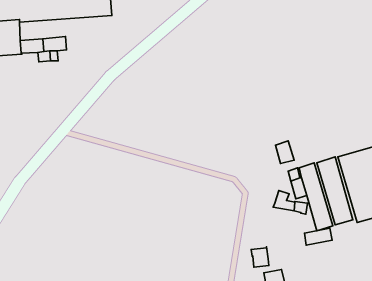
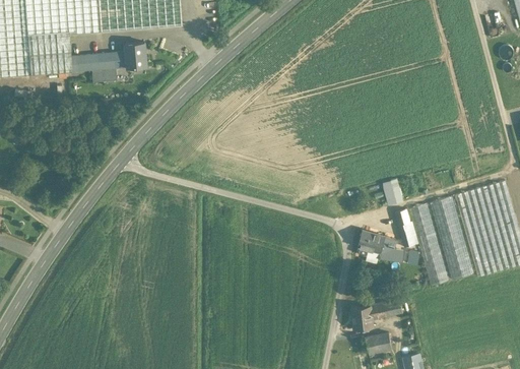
building: none -> [125,43,146,67]
building: none -> [358,230,384,262]
building: [305,228,332,245] -> [369,299,402,319]

